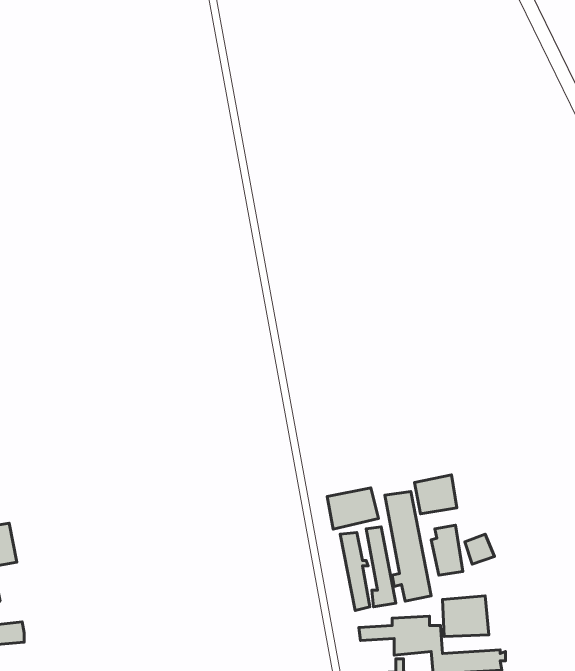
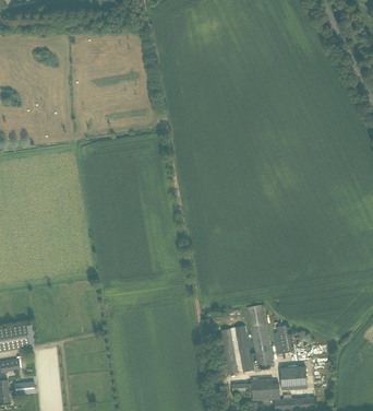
building: [414,475,457,514] -> none
building: [327,488,378,529] -> none

